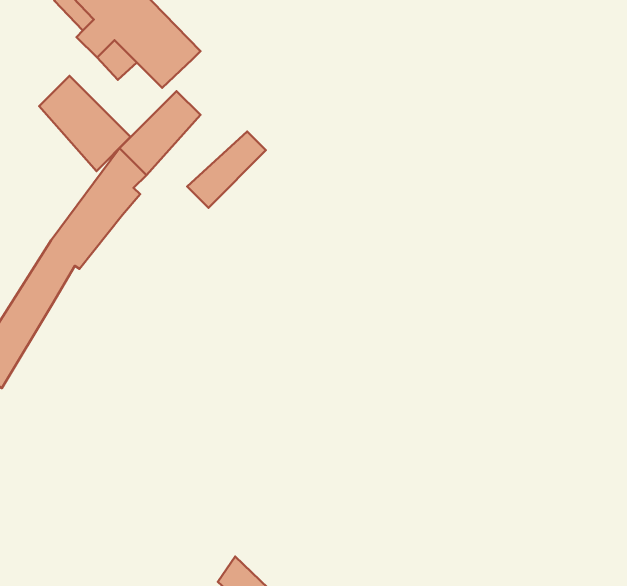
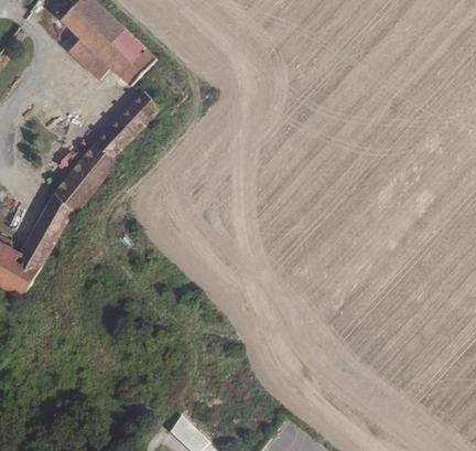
building: [39,76,131,171] -> none
building: [187,131,266,208] -> none

